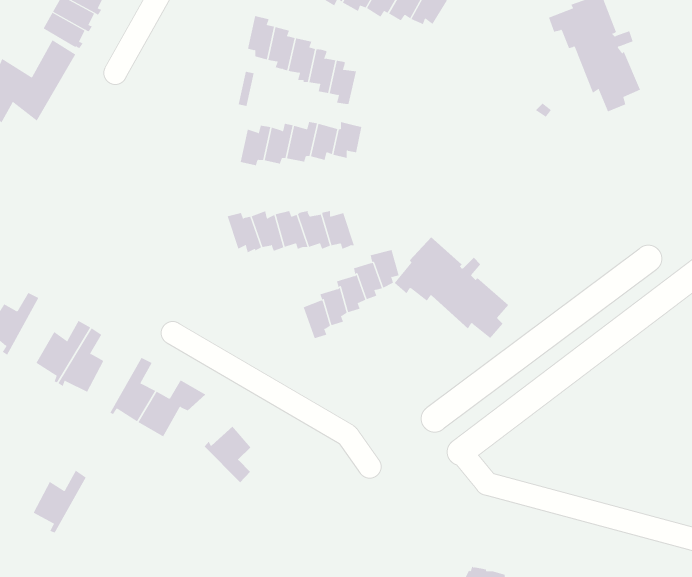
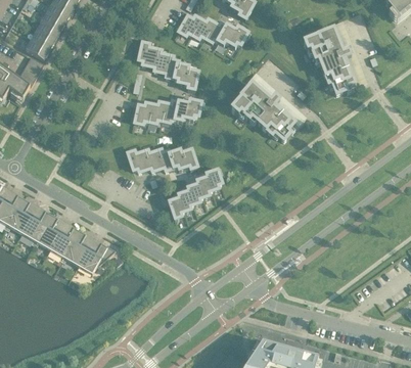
building: [394,237,509,339] -> [231,84,294,140]
building: none -> [6,196,32,232]
building: [204,426,251,483] -> none
building: [33,470,87,533] -> [50,225,80,260]

